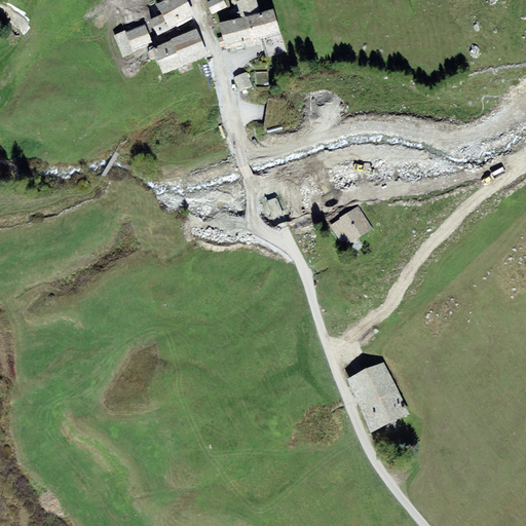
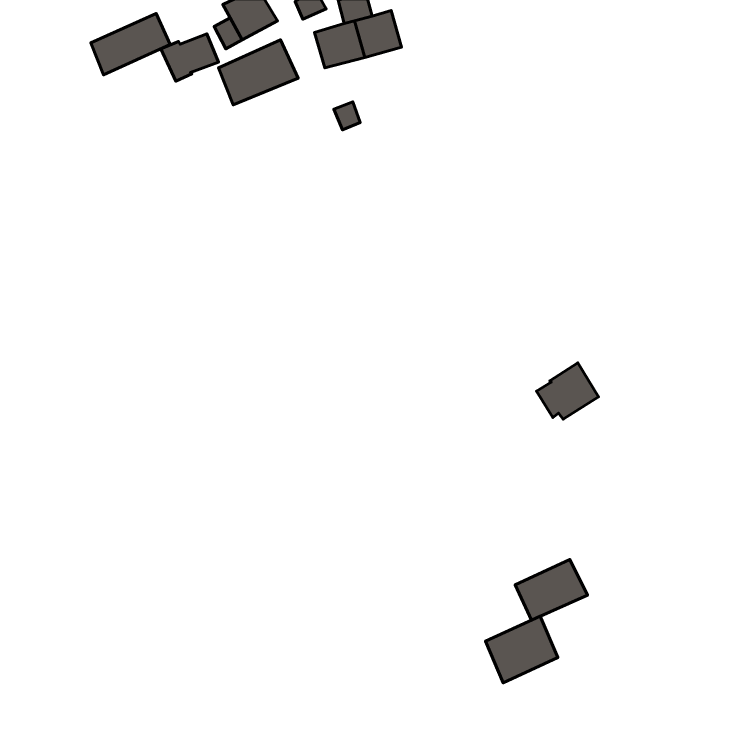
building: none -> [91,14,170,75]
building: [329,204,372,243] -> [536,363,598,419]
building: [346,361,397,407] -> [486,616,558,683]

